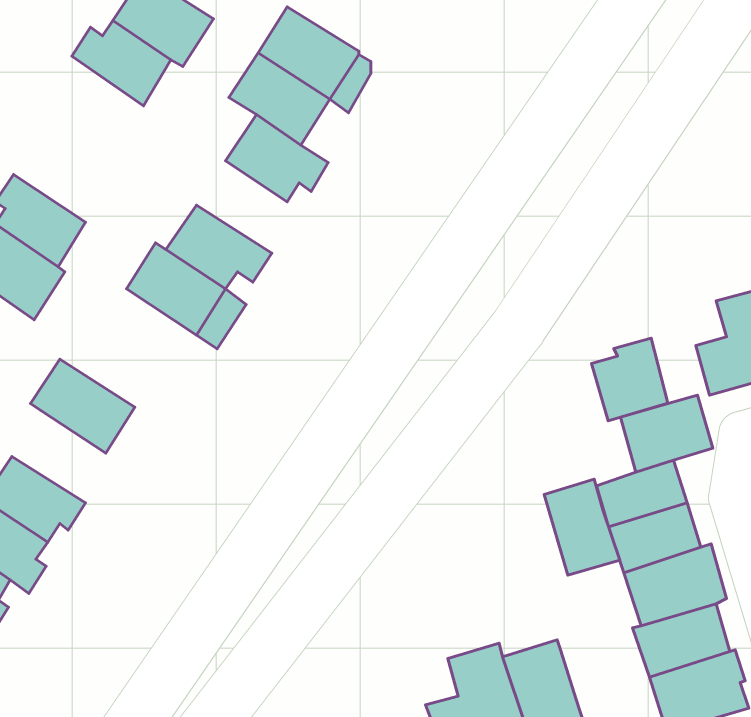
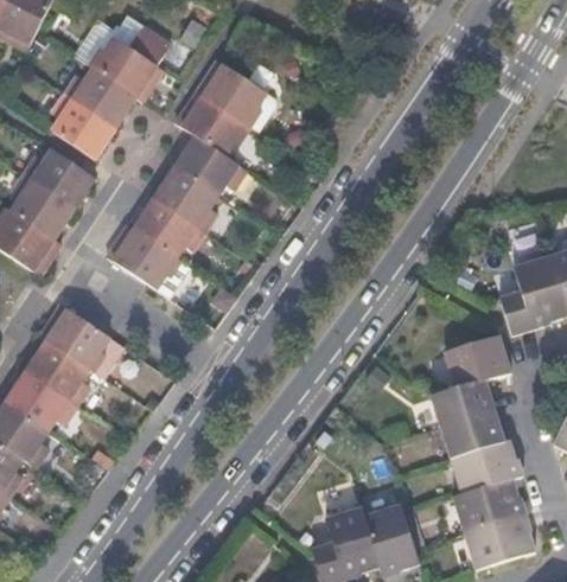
building: none -> [53,96,115,161]
building: none -> [25,151,96,211]
building: none -> [152,168,215,232]
building: [592,338,668,421] -> none
building: none -> [24,341,89,405]
building: [544,479,620,575] -> none

